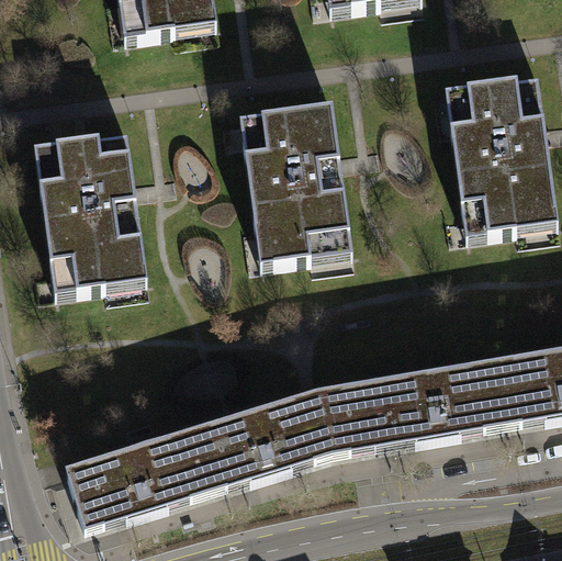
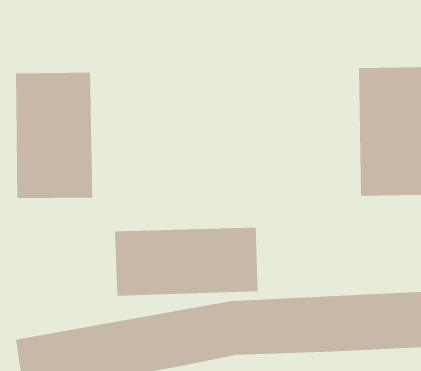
building: [239,108,356,270] -> none
building: none -> [114,227,258,296]

